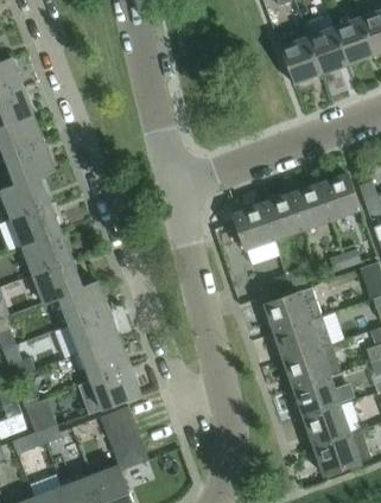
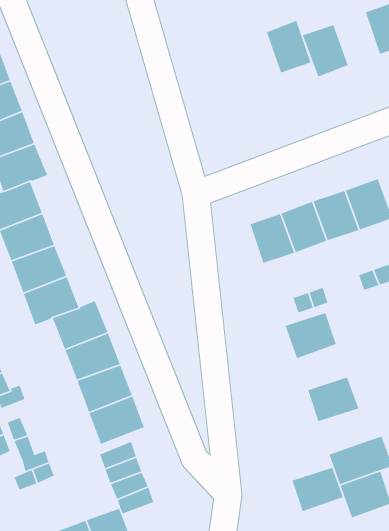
building: [307,26,348,74] -> [266,20,311,74]
building: [274,317,331,361] -> none
building: [293,377,339,418] -> [291,467,344,512]

